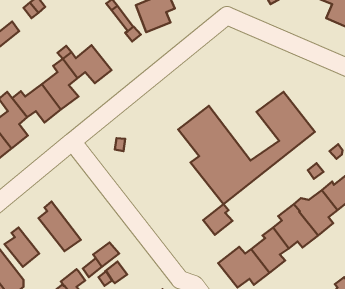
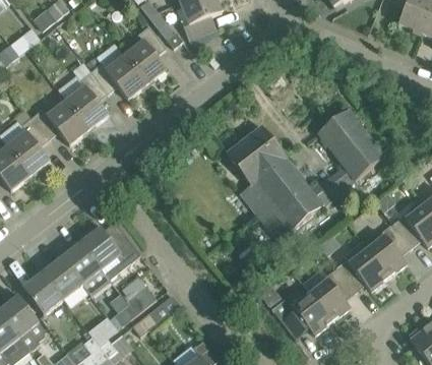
building: none -> [124,24,167,83]
building: none -> [77,221,140,282]
building: [203,204,233,235] -> none
building: none -> [39,256,82,298]

